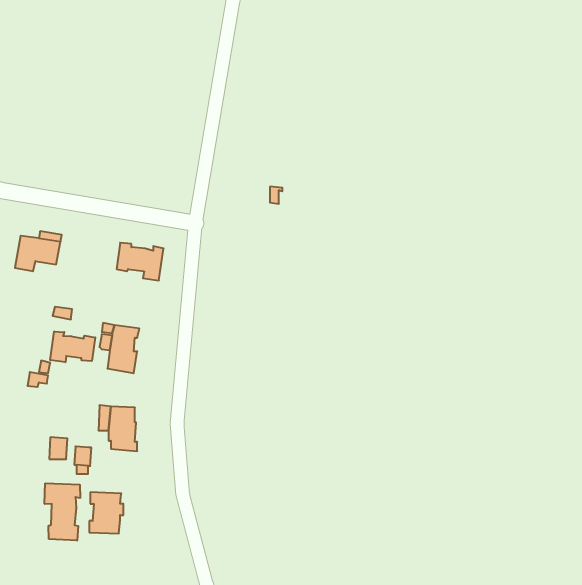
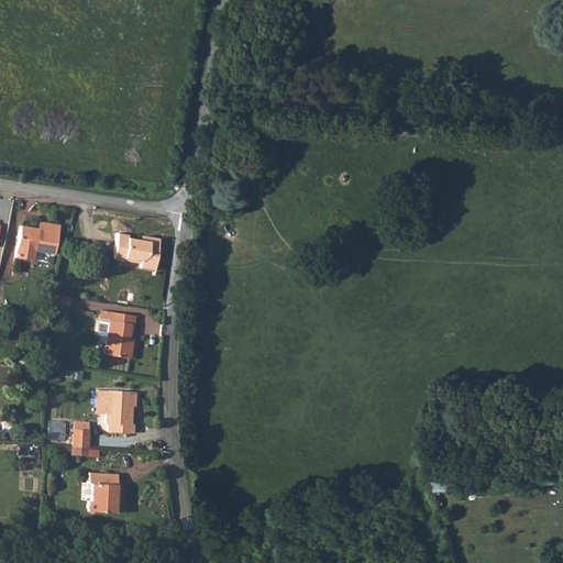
building: [50,331,95,362] -> none
building: [45,483,80,541] -> none

